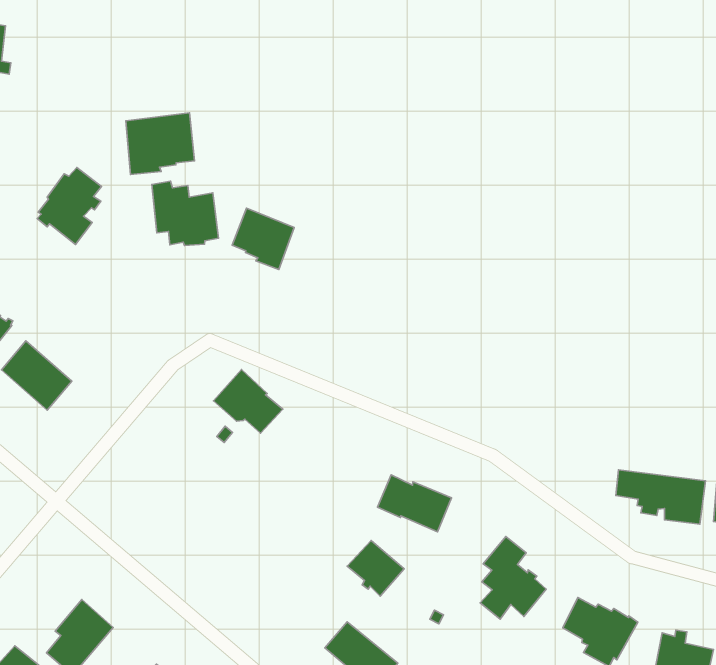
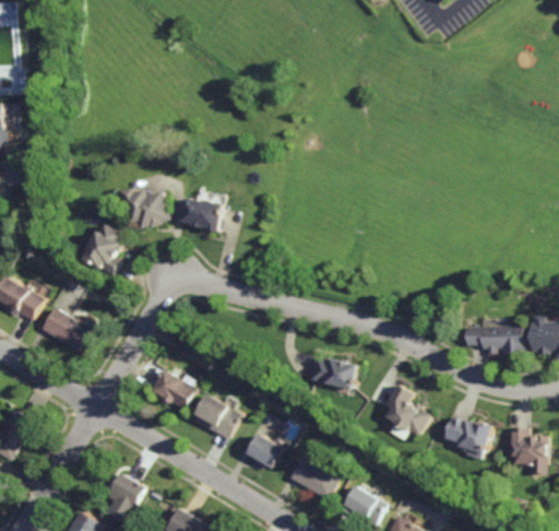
building: [126,113,195,174] -> none
building: [37,168,102,244] -> [84,222,124,273]
building: [213,369,283,433] -> [150,367,197,408]
building: none -> [191,392,239,439]
building: [347,541,404,596] -> [243,433,282,469]

